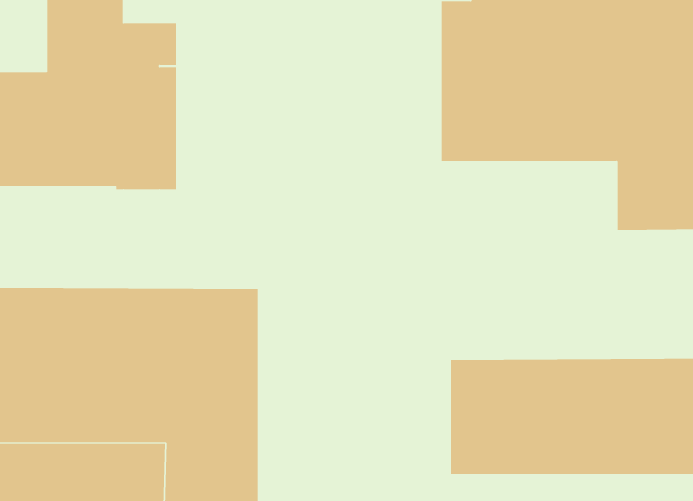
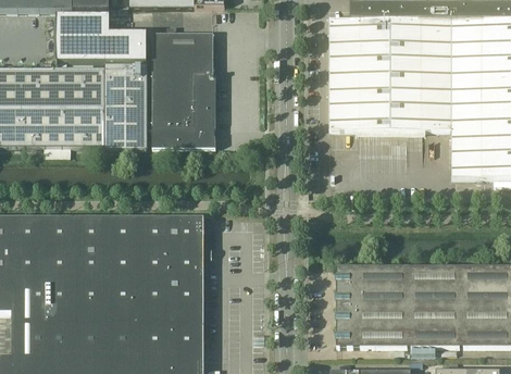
building: none -> [152,34,215,149]

